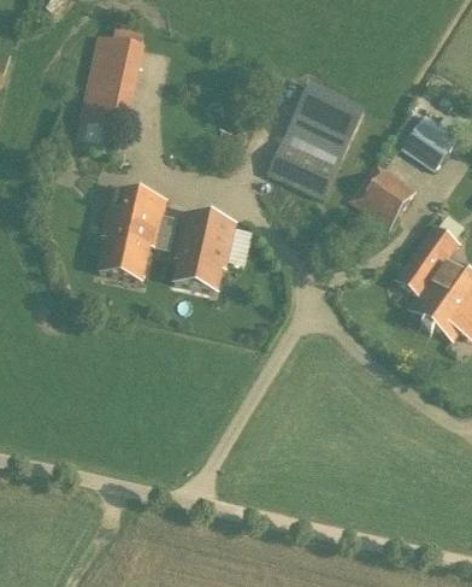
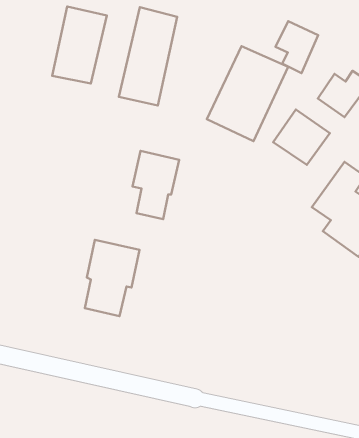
building: none -> [119,7,177,105]
building: none -> [276,21,318,73]
building: [100,187,166,280] -> [85,240,139,316]

